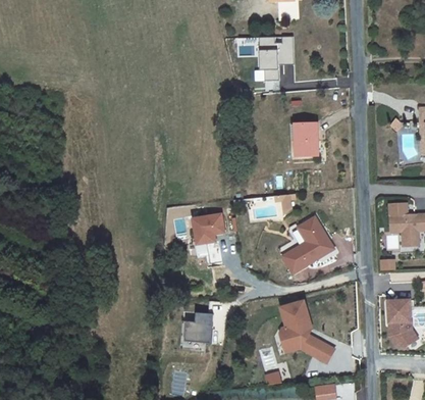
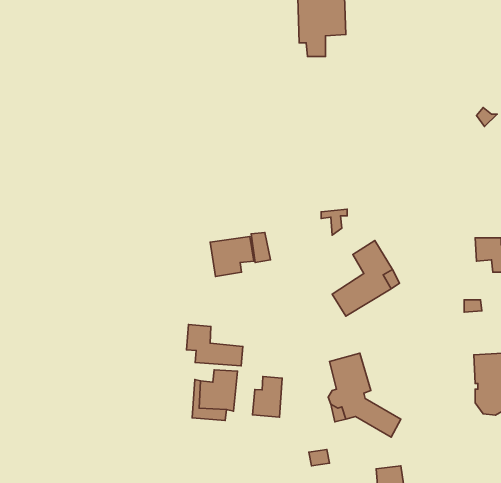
building: [294,122,317,155] -> none
building: none -> [186,324,243,366]
building: none -> [253,376,282,417]

